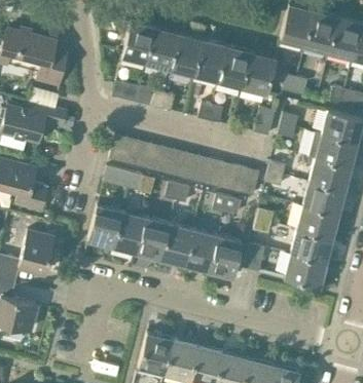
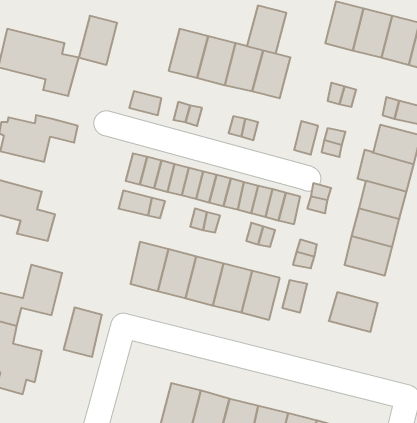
building: [122,23,155,65] -> [79,16,117,65]
building: [242,53,276,94] -> [247,6,286,53]
building: [88,205,121,247] -> [64,308,102,357]
building: [291,231,332,264] -> none

